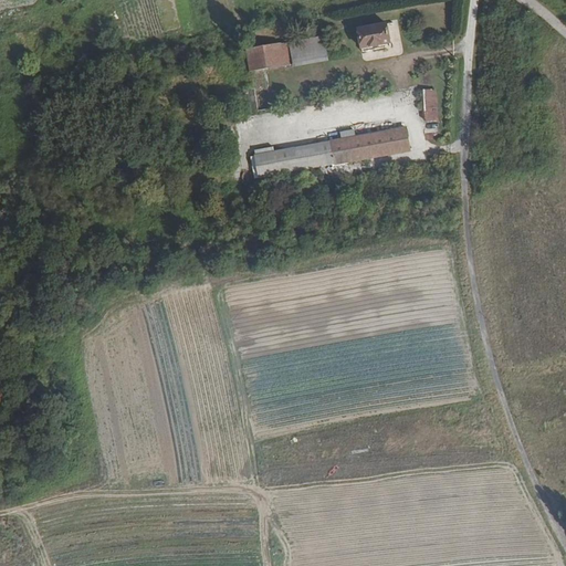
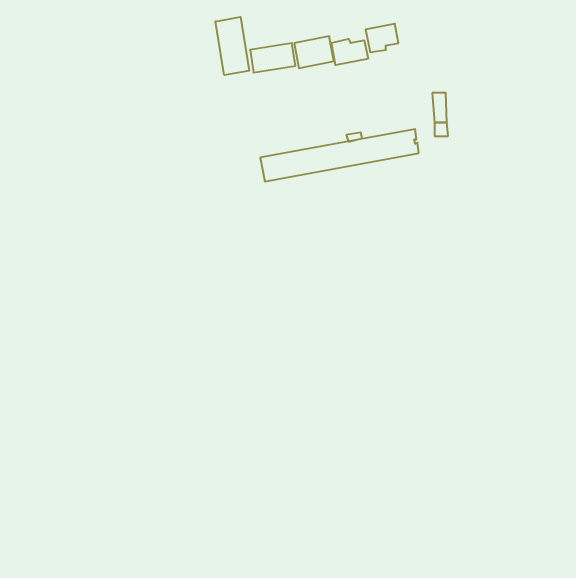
building: none -> [215,17,249,75]
building: none -> [331,39,368,65]

